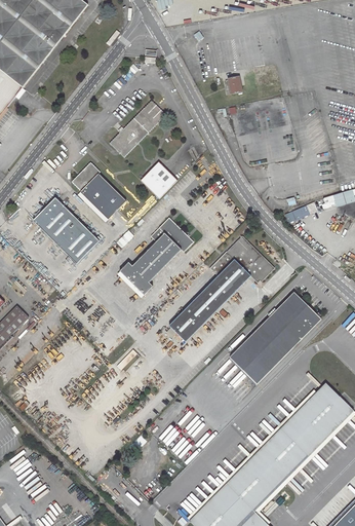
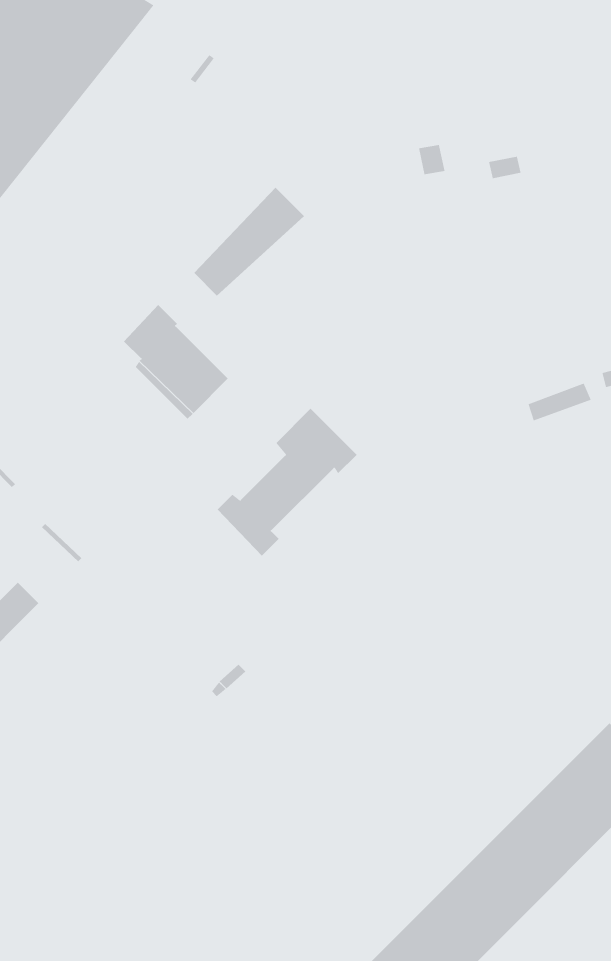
building: [141,161,176,198] -> none
building: [32,197,97,264] -> none
building: [169,235,275,341] -> none
building: [230,292,322,383] -> none

